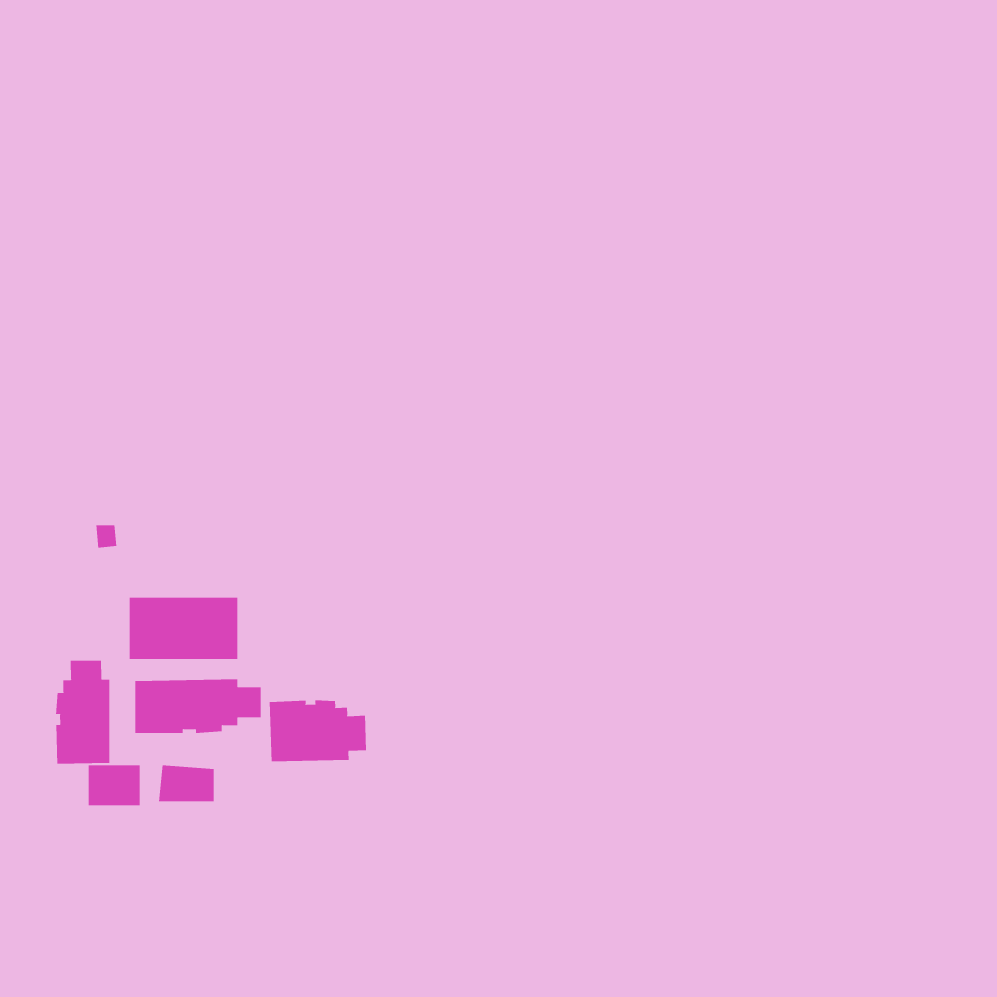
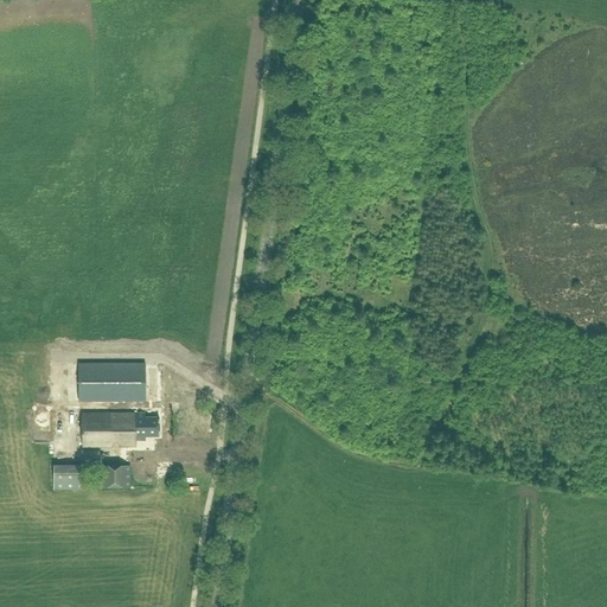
building: [56,660,110,764] -> none
building: [269,699,367,762] -> none

